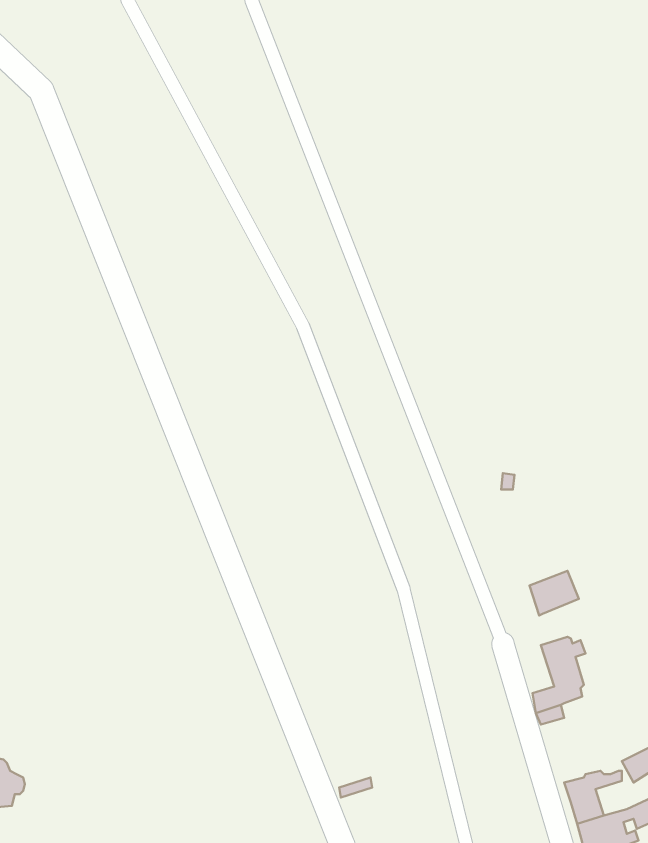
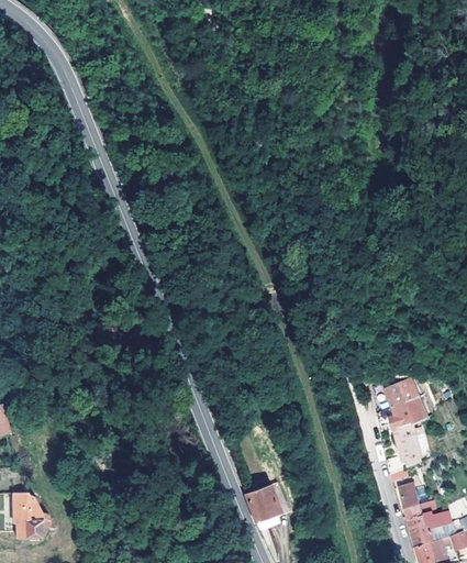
building: none -> [390,398,425,429]
building: none -> [244,485,279,521]
building: none -> [399,485,438,520]

